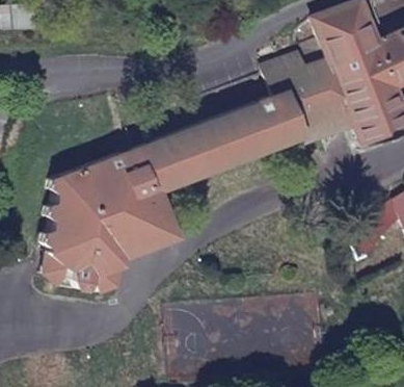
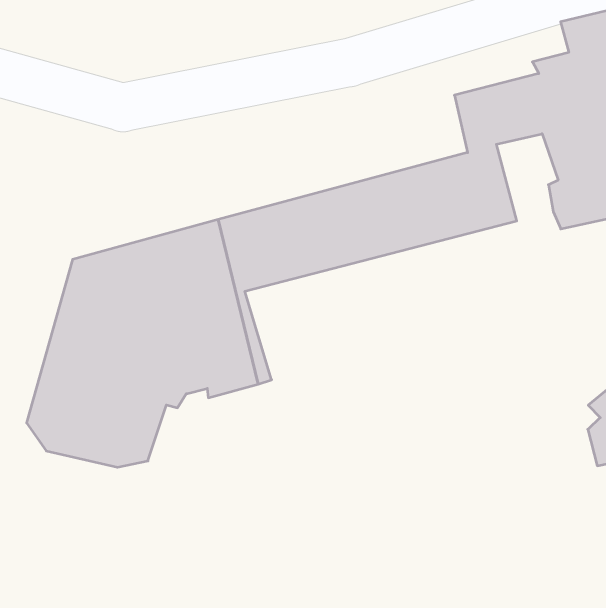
building: [290,83,326,133] -> none

